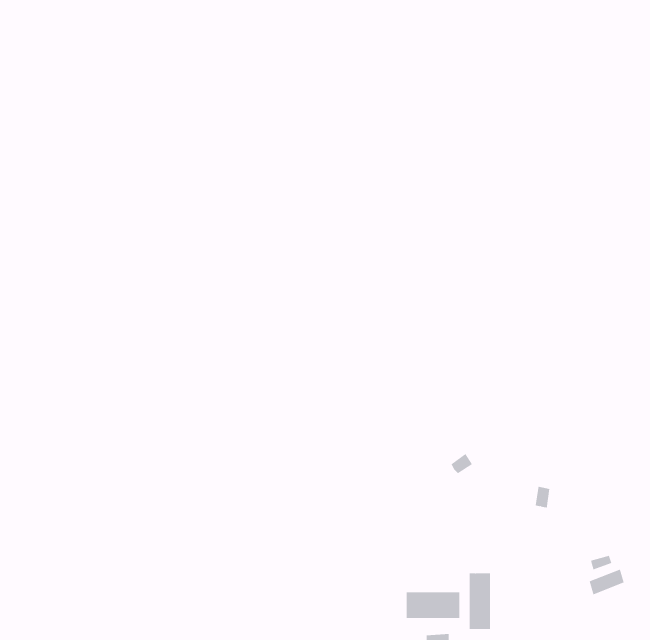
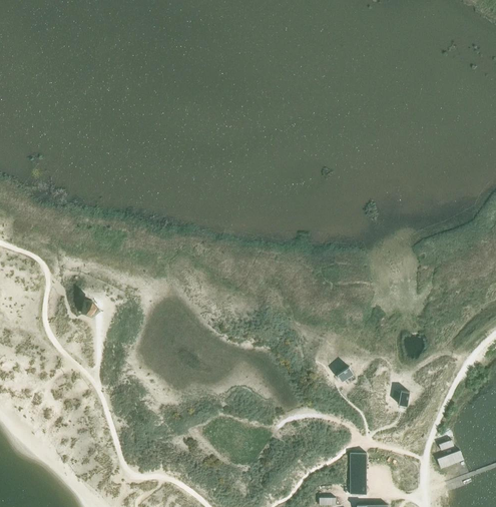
building: [406,592,460,619] -> none

